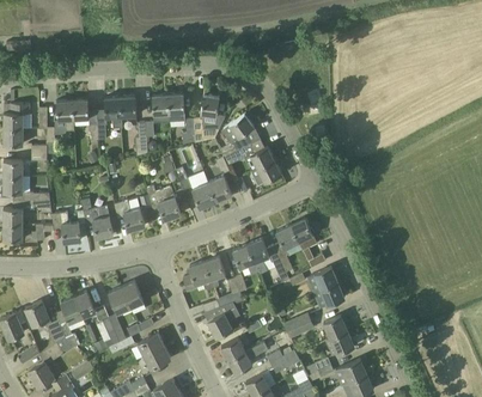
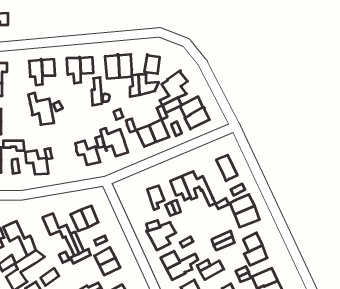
building: [81,198,114,238] -> [28,93,54,125]
building: [274,225,299,273] -> none
building: [183,262,213,292] -> none
building: [61,297,86,346] -> none

